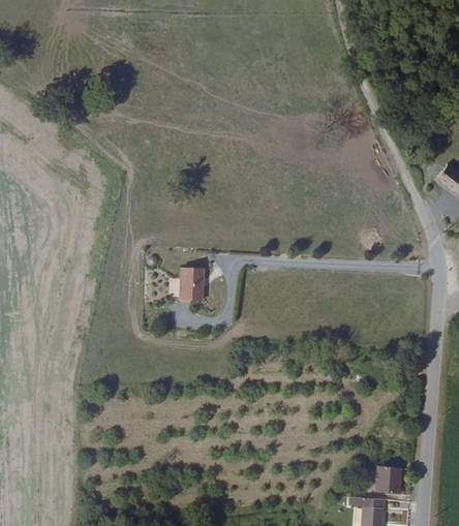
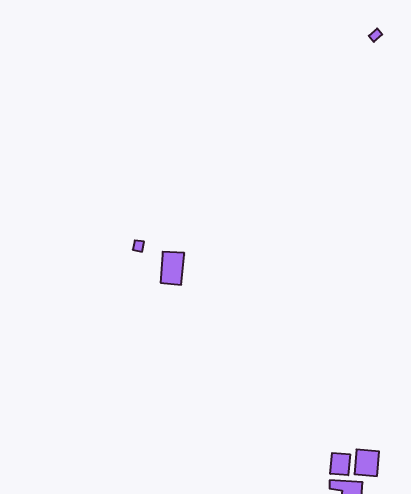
building: none -> [330,453,350,475]

